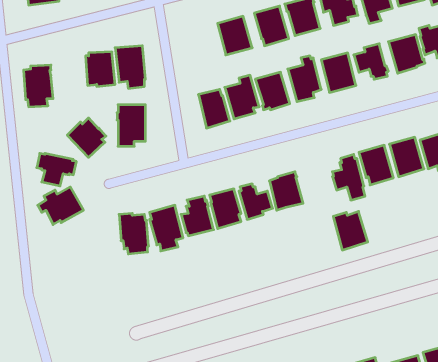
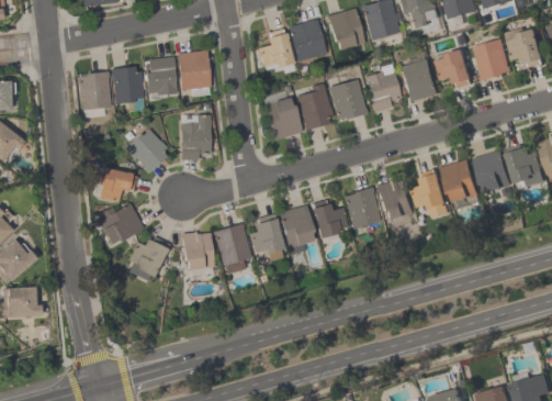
building: none -> [259,29,294,67]
building: none -> [111,67,144,103]
building: [333,211,368,250] -> [376,179,414,221]
building: none -> [128,235,169,280]

